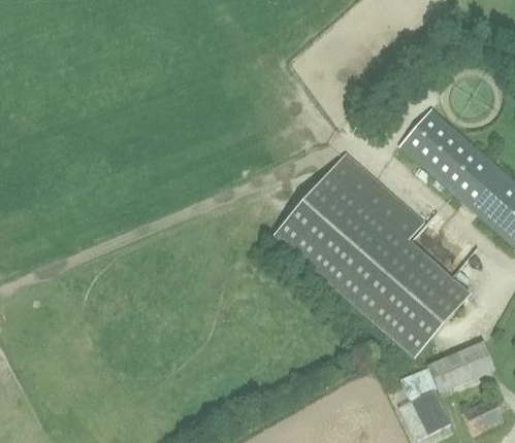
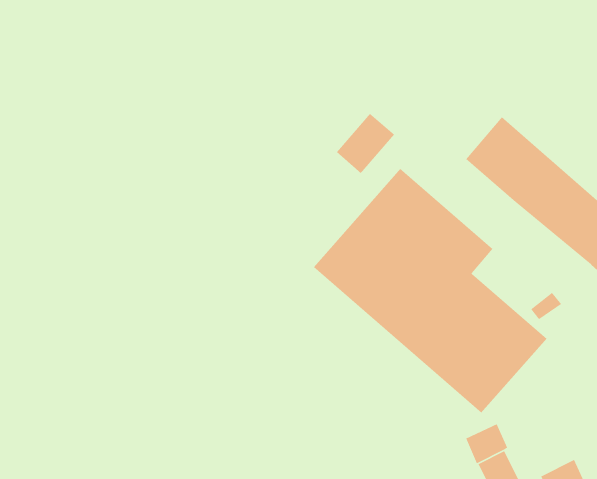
building: none -> [336,113,395,174]
building: [427,343,493,391] -> none

